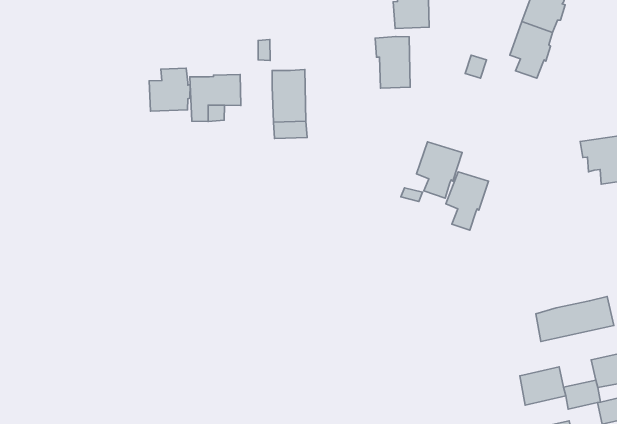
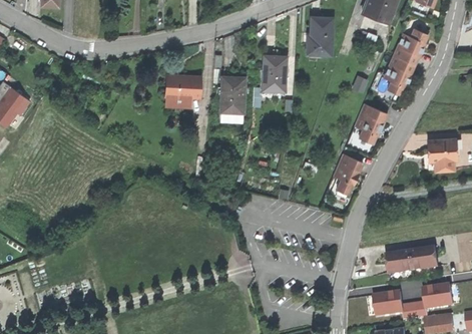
building: [375,37,410,88] -> [264,55,287,90]
building: [149,68,190,111] -> none
building: [417,142,462,198] -> [355,103,387,142]

